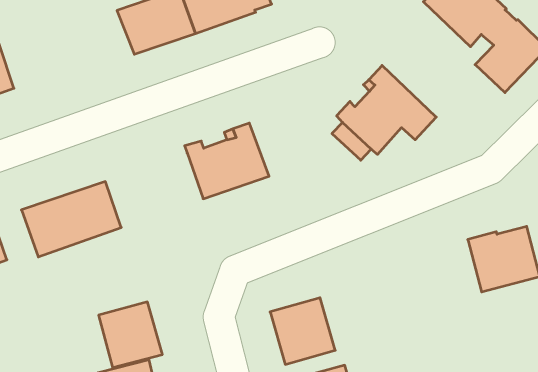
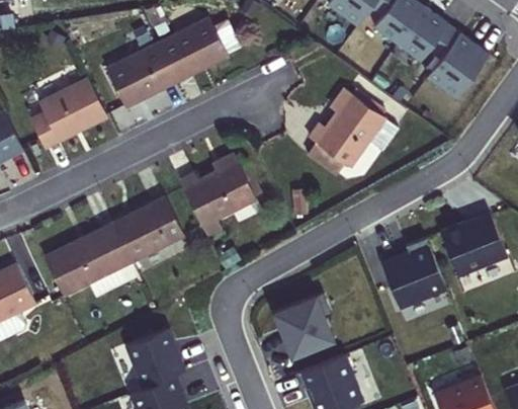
building: none -> [30,79,108,147]
building: none -> [114,196,184,260]
building: none -> [386,245,447,307]

